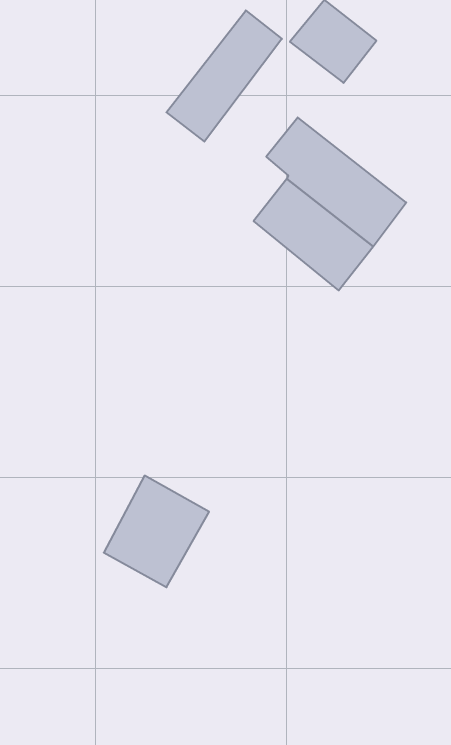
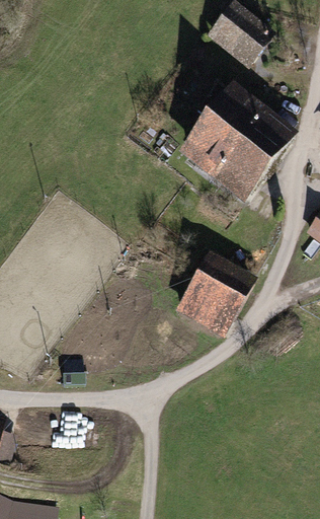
building: [166,10,282,142] -> none
building: [104,476,209,587] -> [177,263,245,335]

